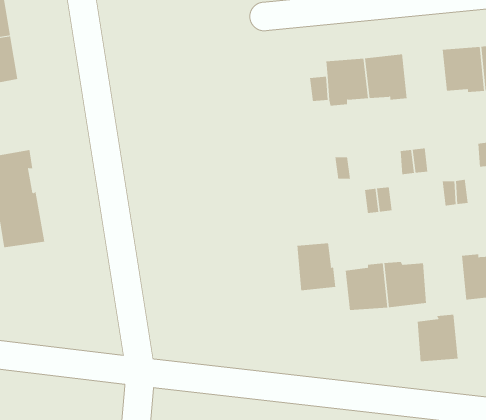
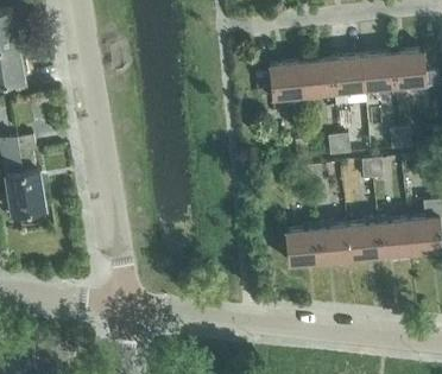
building: none -> [330,57,365,96]
building: [297,242,336,291] -> none
building: [417,314,459,362] -> [347,221,380,259]

